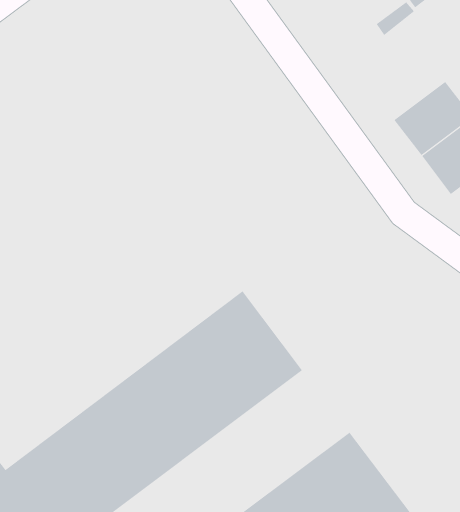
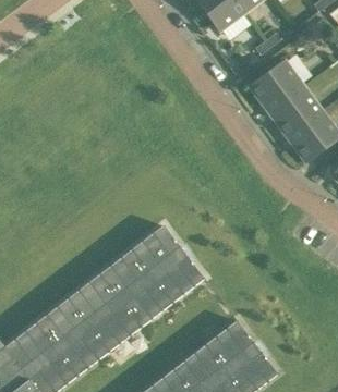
building: none -> [250,61,302,112]

